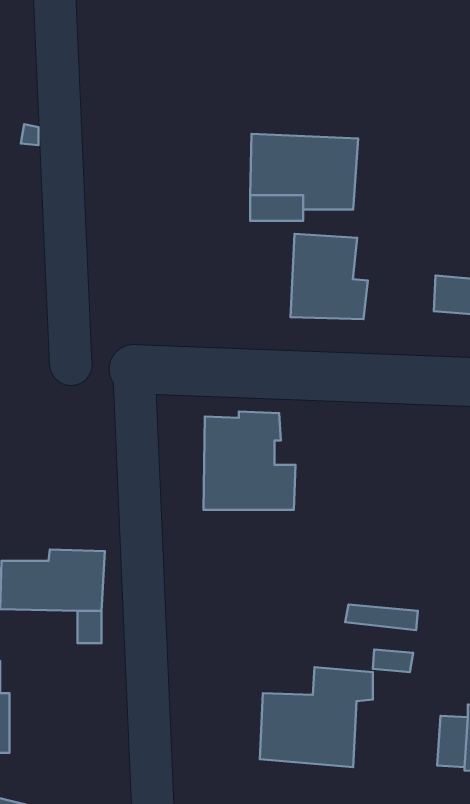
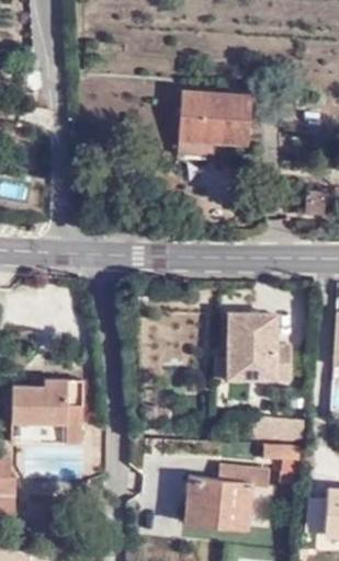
building: [291,234,368,319] -> none
building: [203,411,295,510] -> [229,312,292,379]

